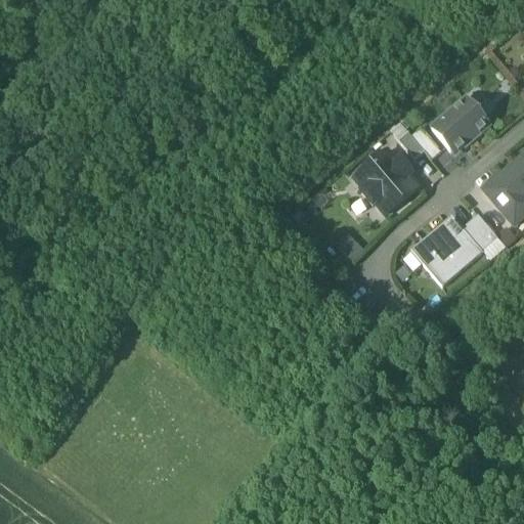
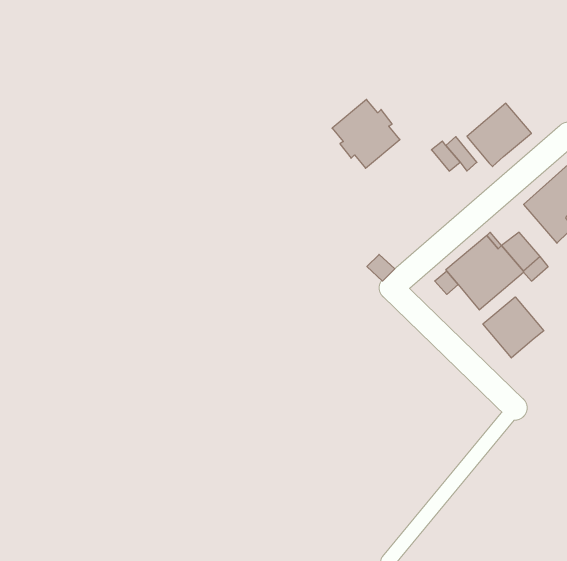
building: [355,148,418,212] -> [332,99,400,168]
building: none -> [483,297,544,358]

